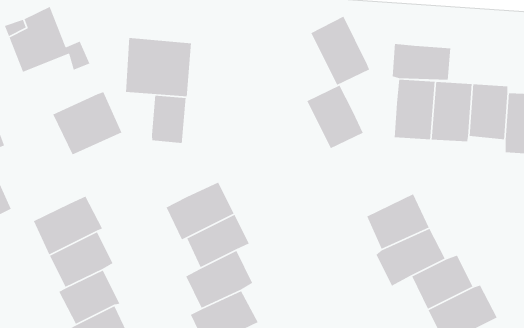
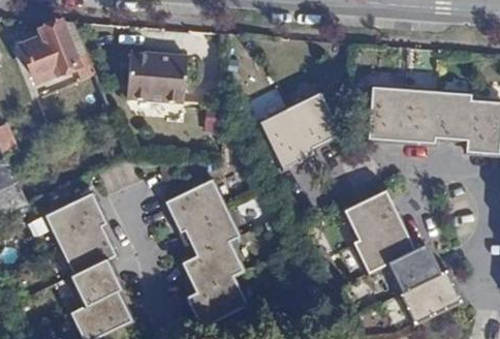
building: [310,15,370,86] -> [259,106,313,170]
building: [392,43,451,80] -> none
building: [52,91,123,155] -> none
building: [151,95,186,144] -> none

